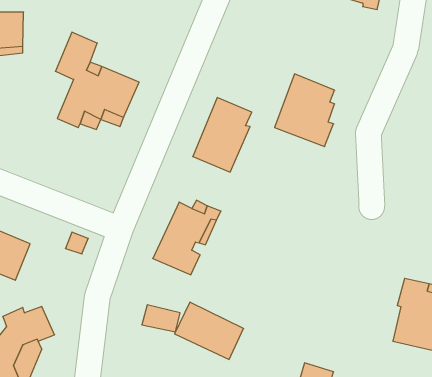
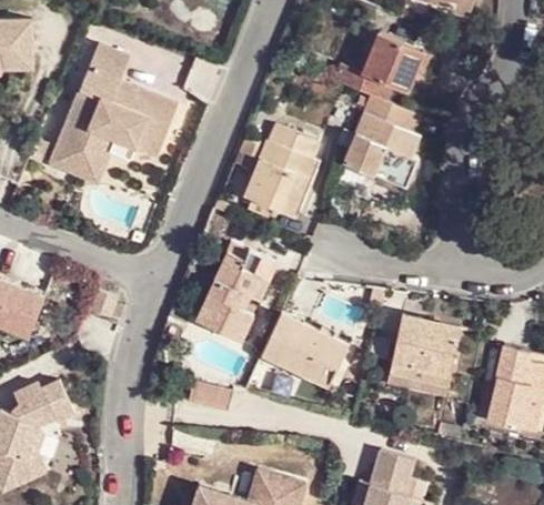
building: none -> [333,32,420,100]
building: none -> [46,92,104,186]
building: none -> [389,313,461,396]
building: [175,302,244,359] -> [263,316,347,386]

